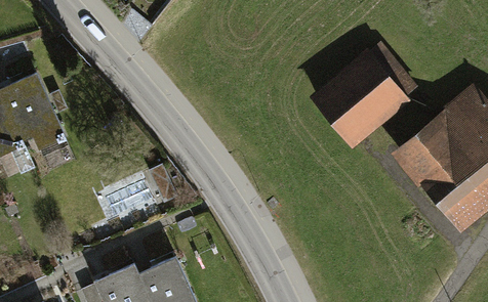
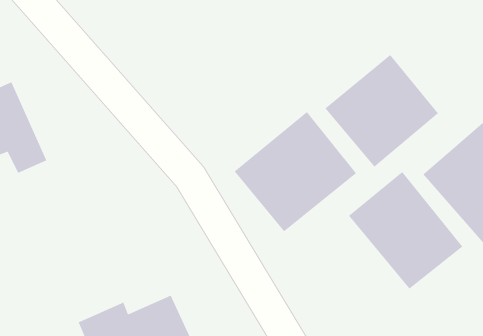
building: none -> [234,111,357,232]
building: none -> [348,171,463,290]

